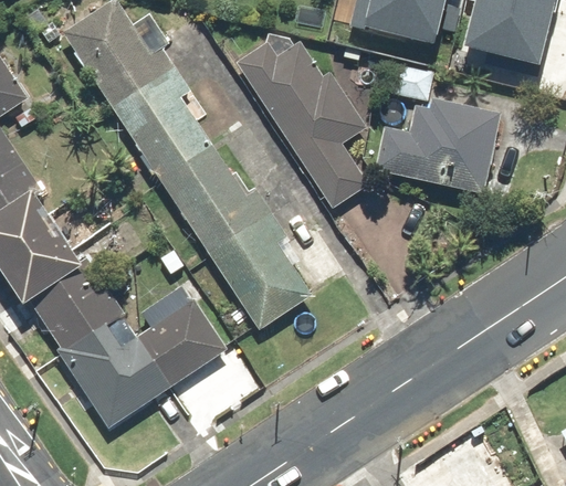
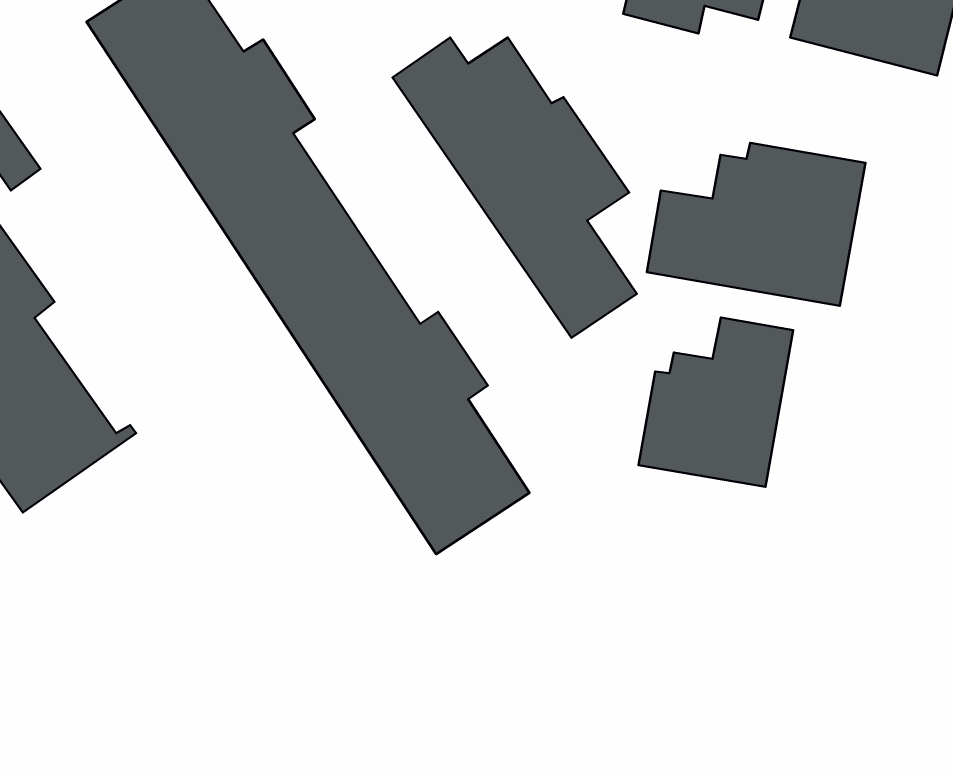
building: none -> [639,317,793,487]
building: [29,262,226,426] -> none

